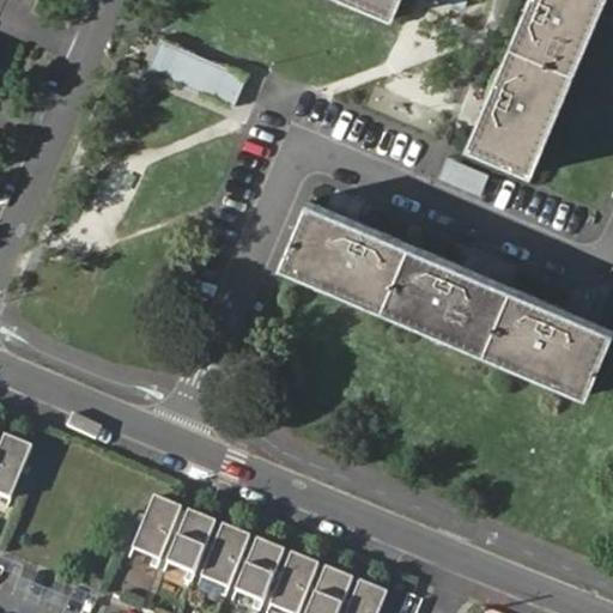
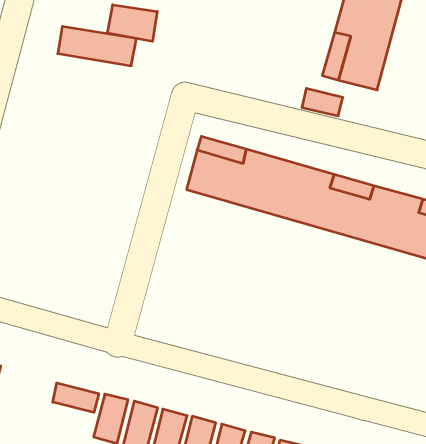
building: none -> [108,5,157,41]
building: none -> [53,383,99,412]

